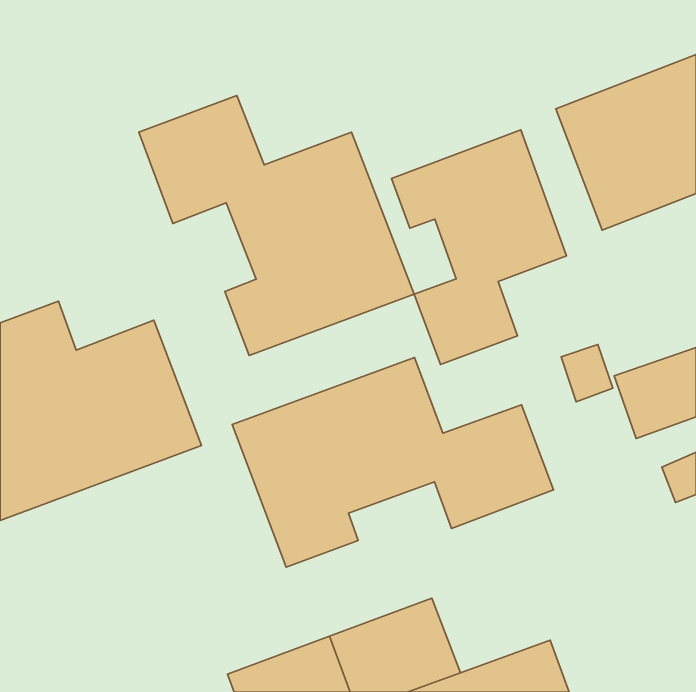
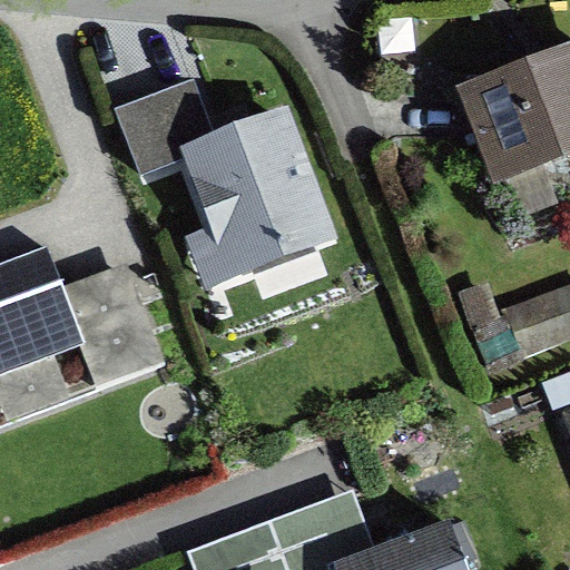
building: [392,130,567,365] -> none
building: [232,358,553,567] -> none

